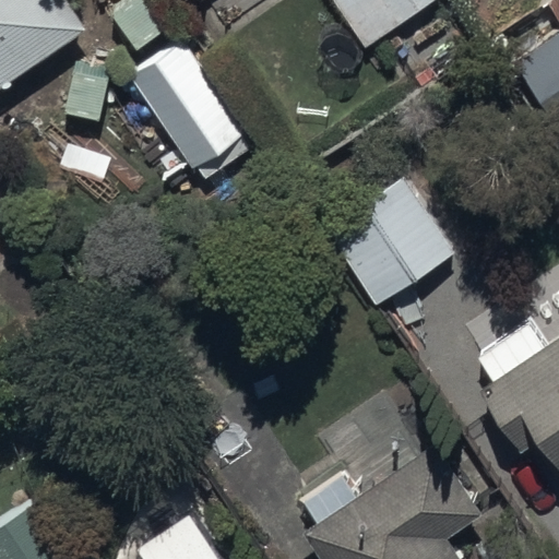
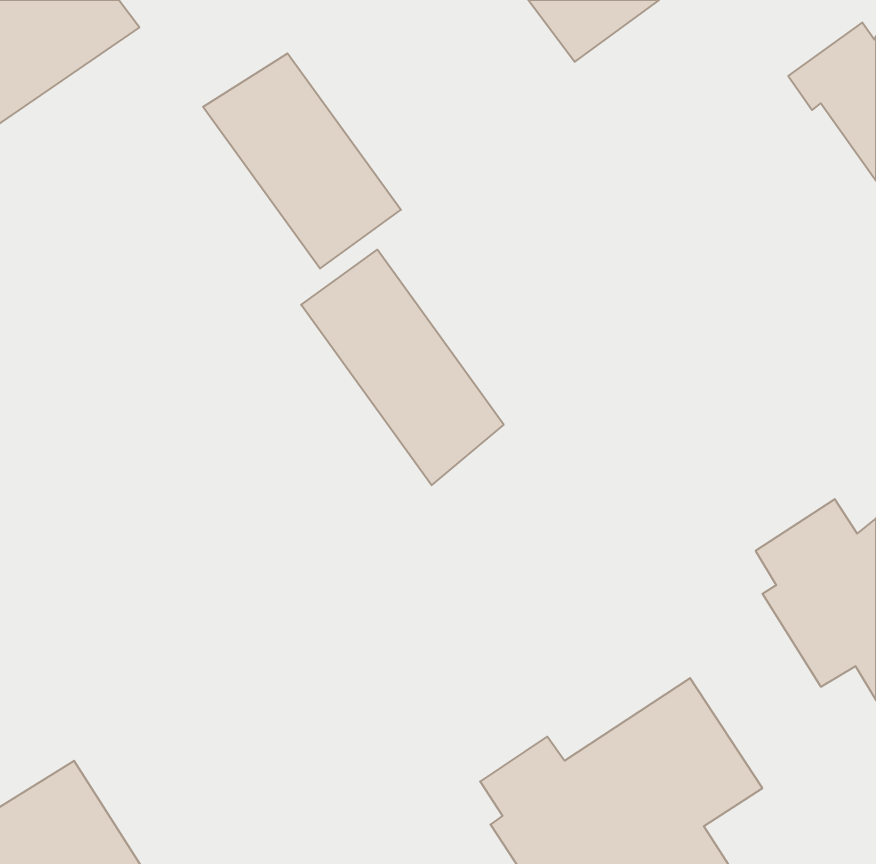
building: none -> [301,250,504,485]
building: [331,178,456,304] -> none

